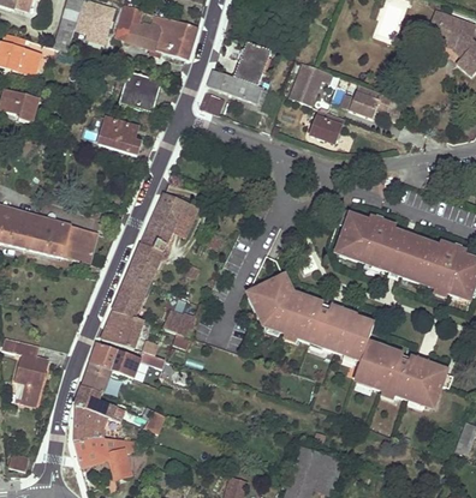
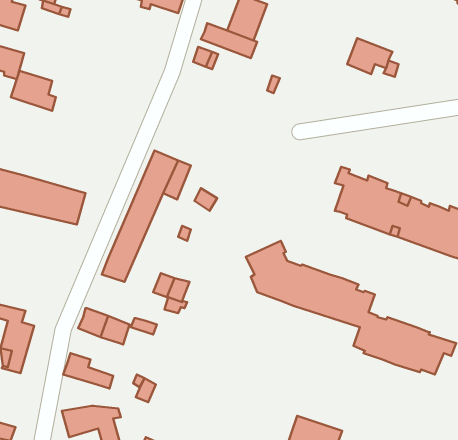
building: [291,62,328,104] -> none
building: [125,71,162,112] -> none
building: [311,108,345,142] -> none
building: [99,116,142,155] -> [11,71,56,111]
building: [101,310,143,347] -> none
building: [83,361,112,392] -> none
building: [75,406,108,440] -> none

